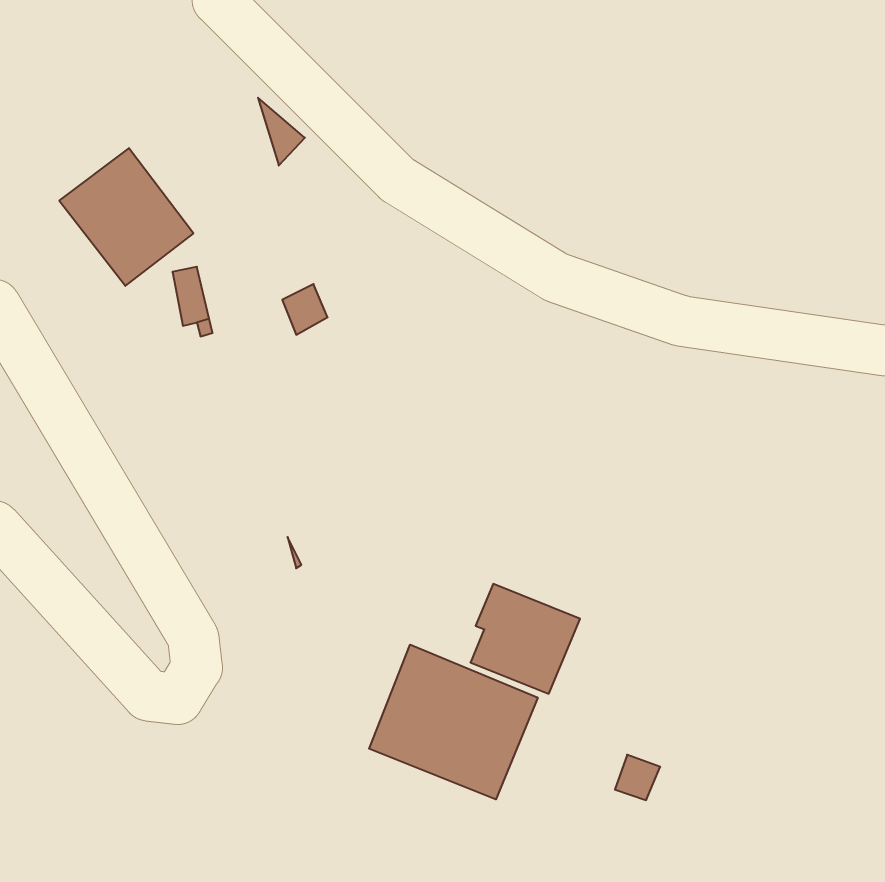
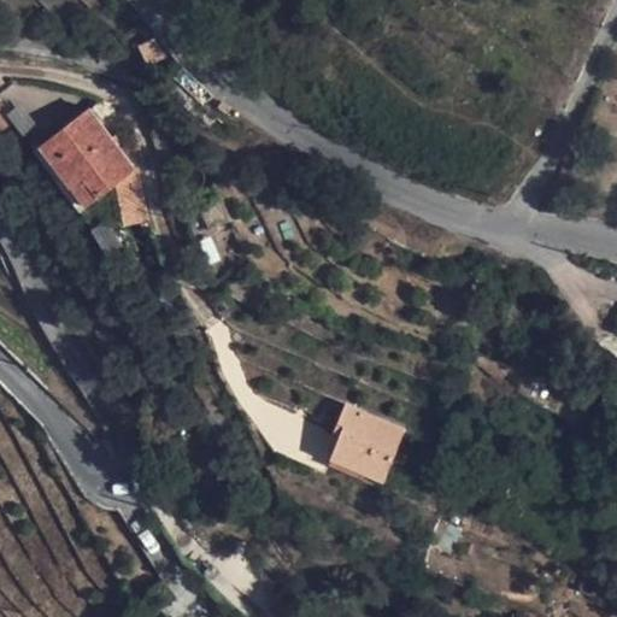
building: [369,645,538,799] -> none

